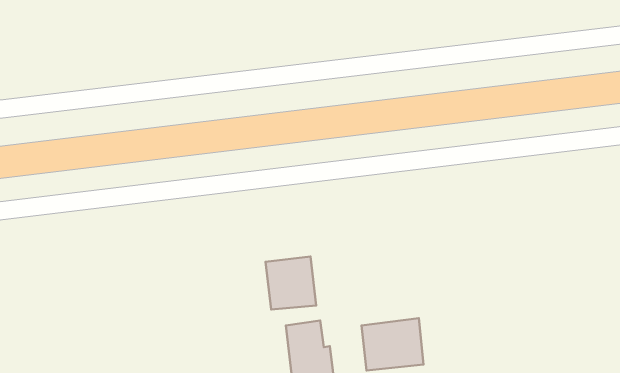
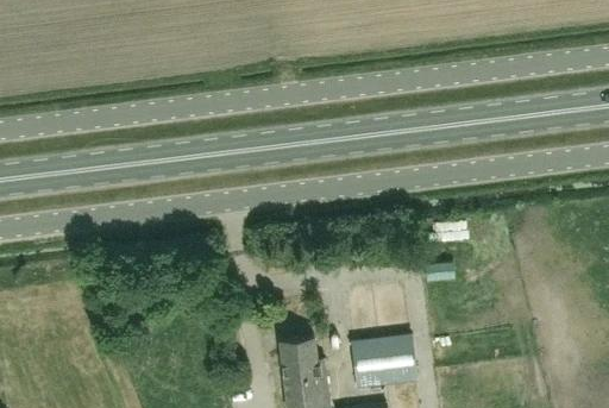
building: [266,257,316,309] -> none

